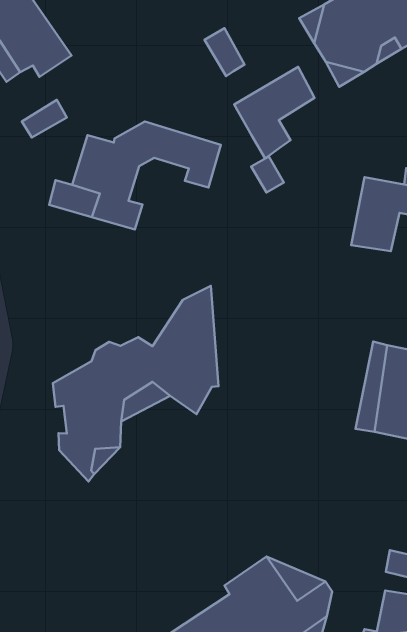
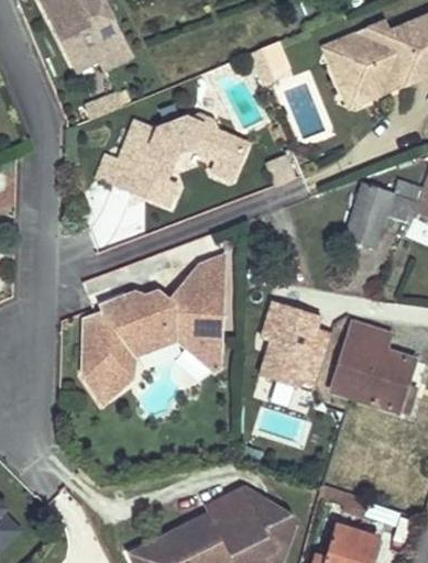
building: [234,67,315,158] -> none
building: none -> [251,306,332,396]

